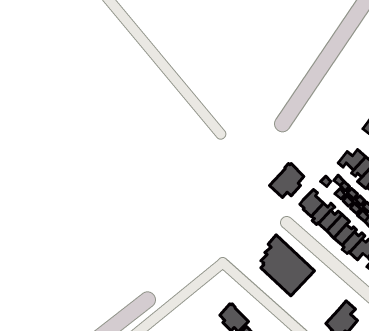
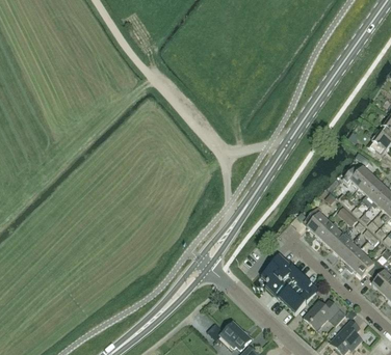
building: [269,163,304,197] -> none
building: none -> [303,299,345,329]

